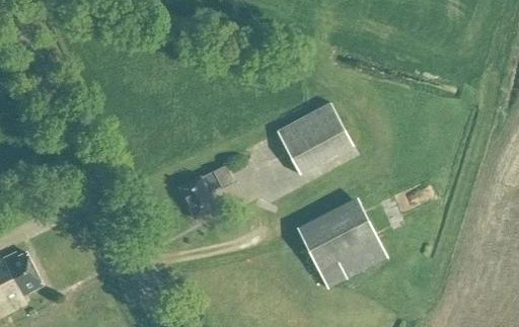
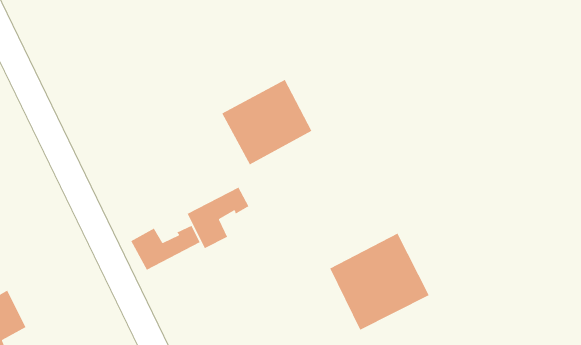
building: [276,101,354,175] -> [221,79,312,165]
building: none -> [130,225,201,271]

